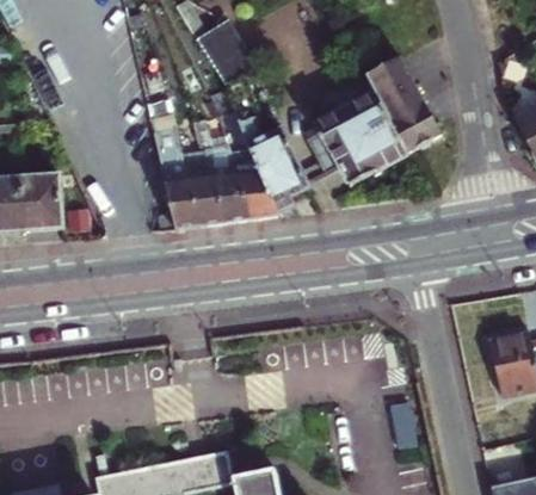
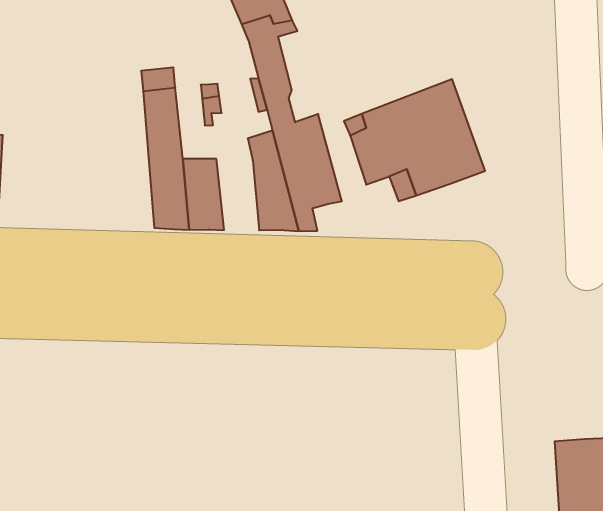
building: [364,54,443,153] -> none
building: [215,171,253,223] -> none

